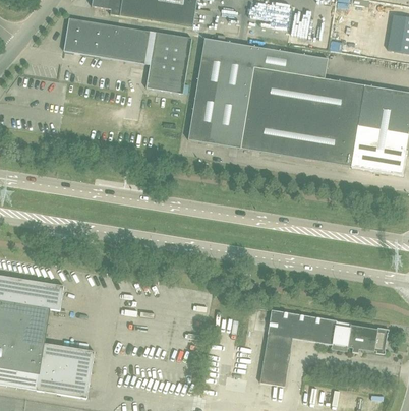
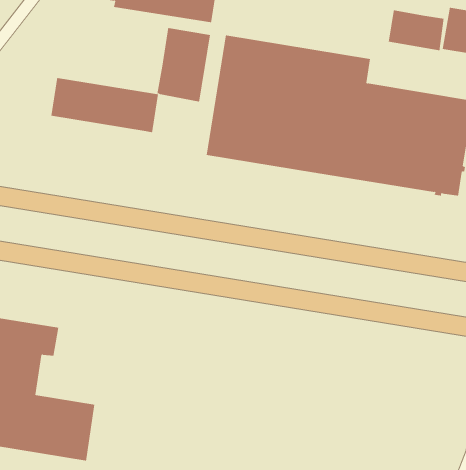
building: none -> [388,10,444,51]
building: [63,17,155,64] -> [51,77,159,133]
building: [258,309,388,386] -> none

